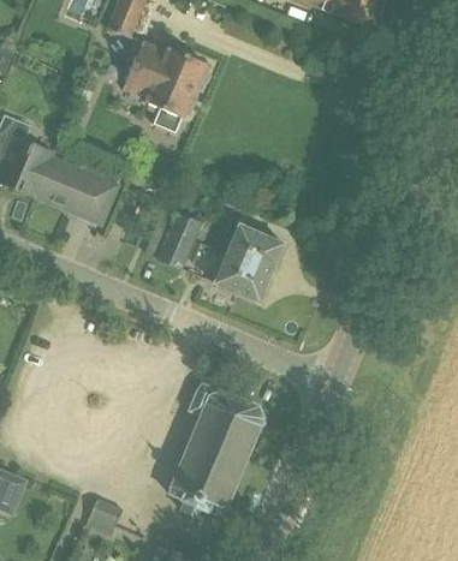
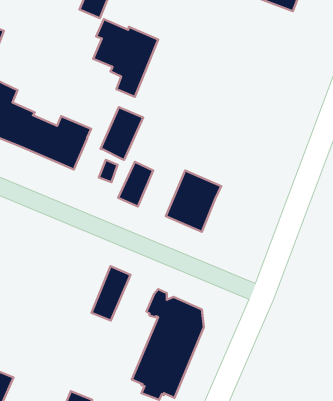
building: none -> [101,107,143,160]
building: none -> [91,266,130,320]

